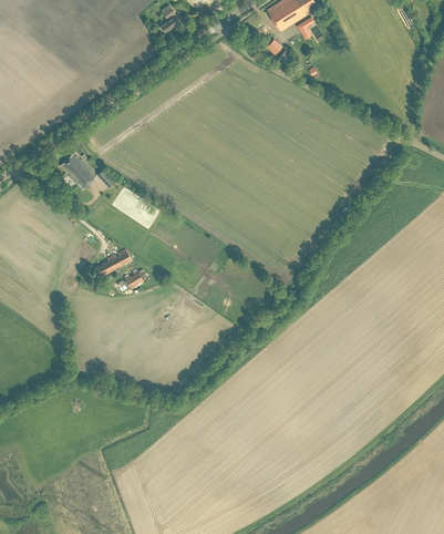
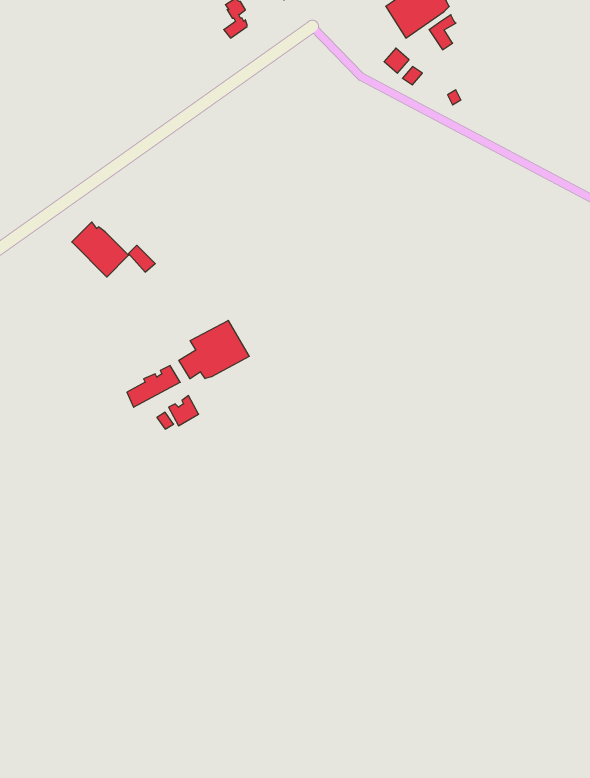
building: none -> [179,320,249,379]

